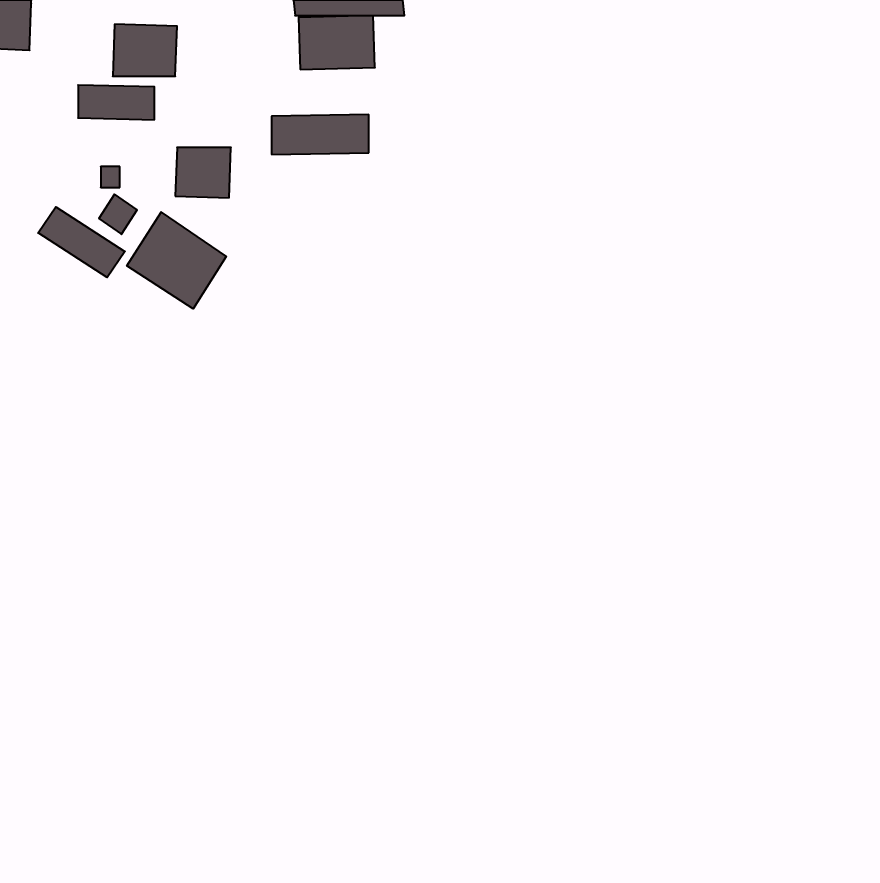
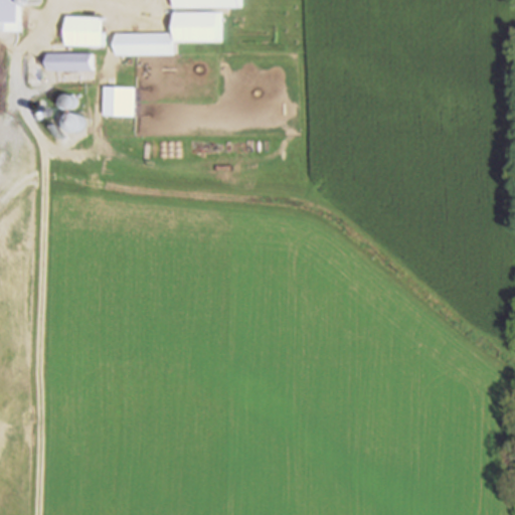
building: [272,115,369,154] -> [115,32,171,55]
building: [38,207,125,277] -> none
building: [127,212,226,309] -> none

